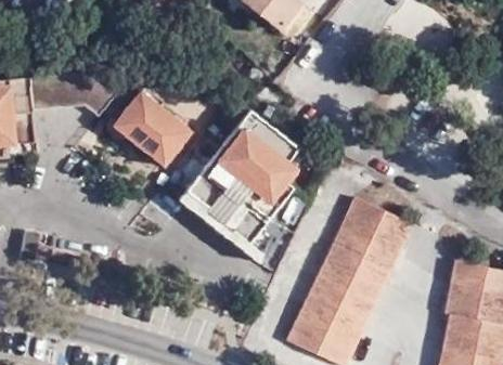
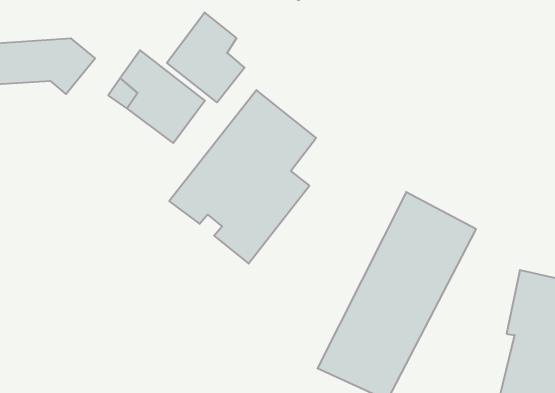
building: none -> [167,12,245,102]

